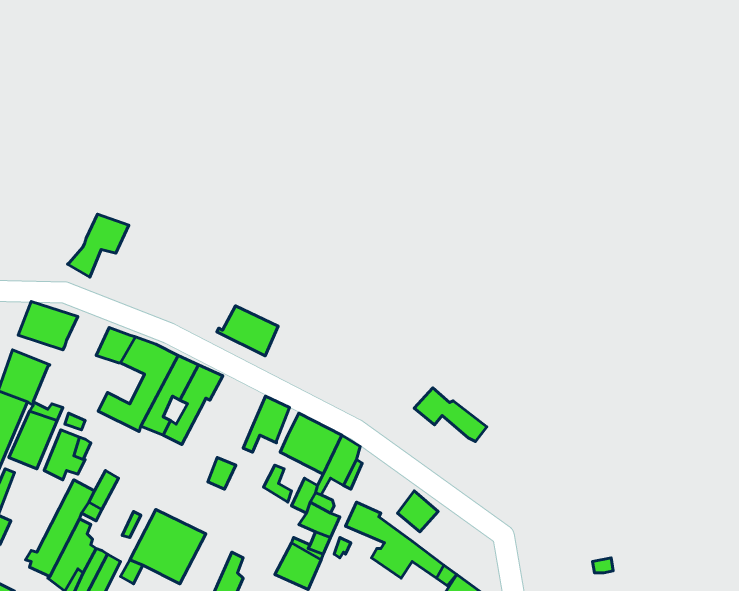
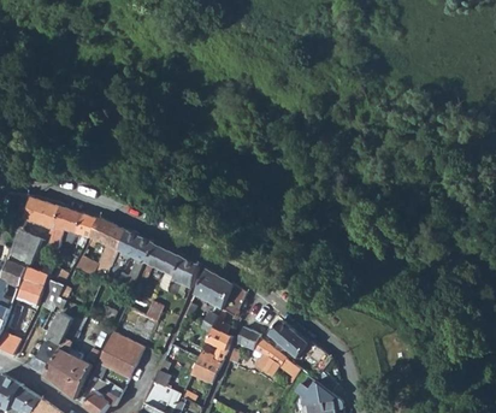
building: [68,214,129,277] -> [43,206,83,247]
building: [217,306,278,356] -> [144,244,184,277]
building: [414,388,487,442] -> [284,332,331,367]

